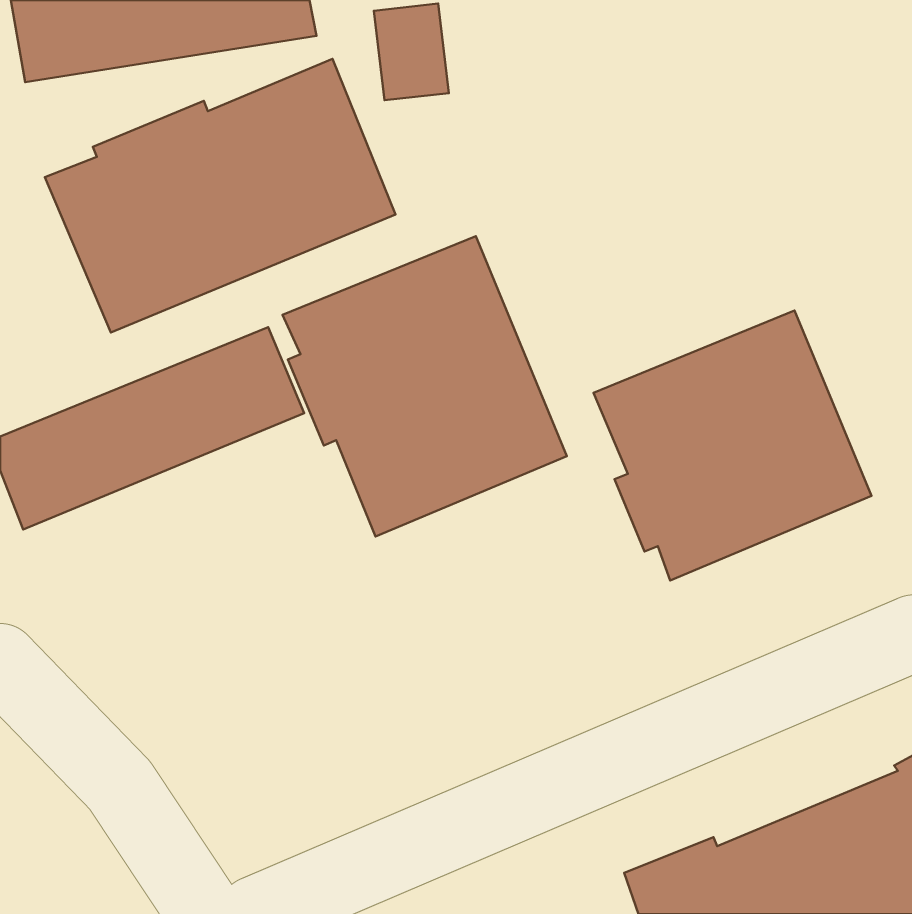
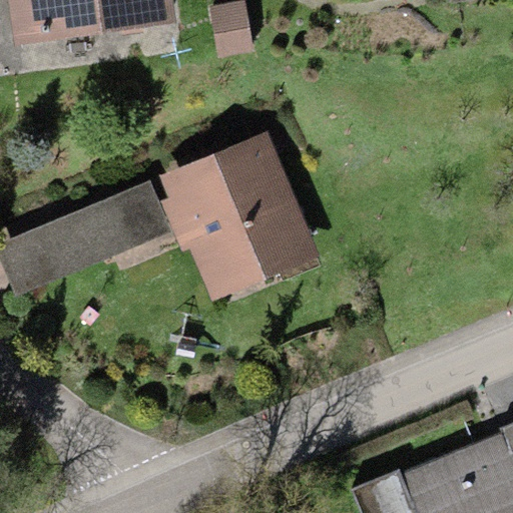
building: [45,59,395,332] -> none
building: [594,310,871,580] -> none

